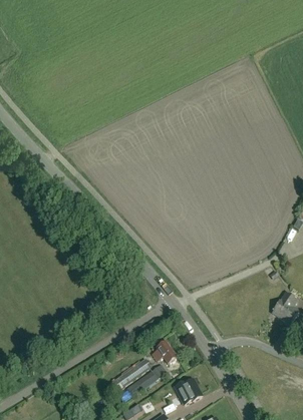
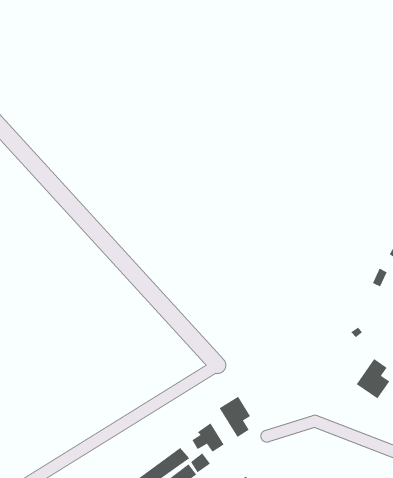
building: none -> [219,396,251,438]

